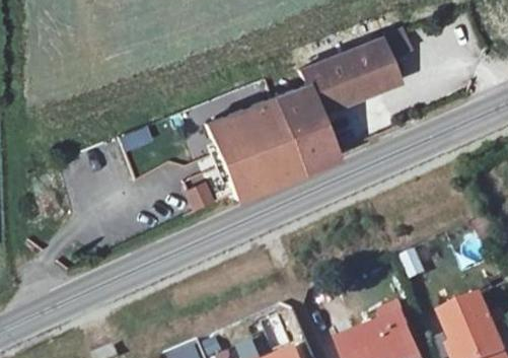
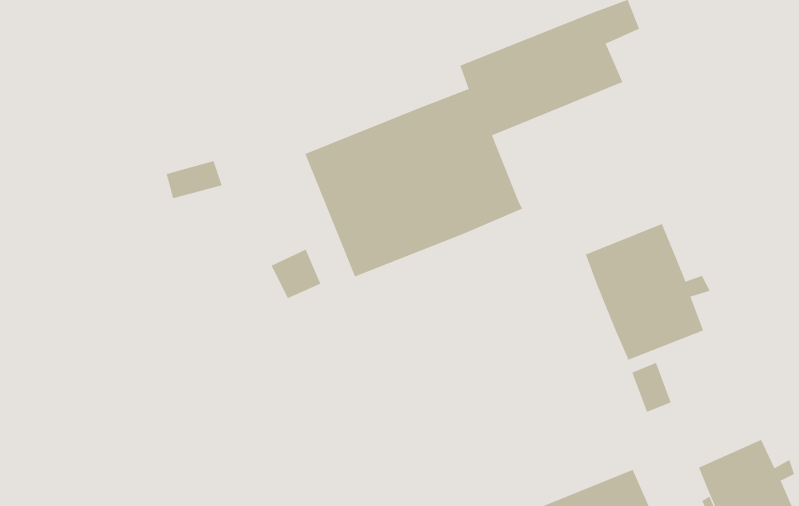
building: none -> [585,223,711,361]

